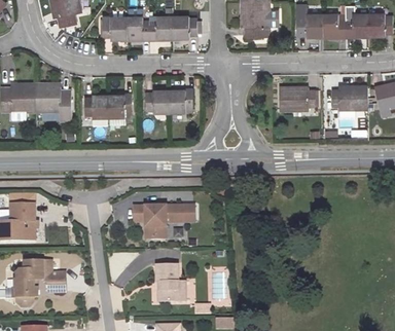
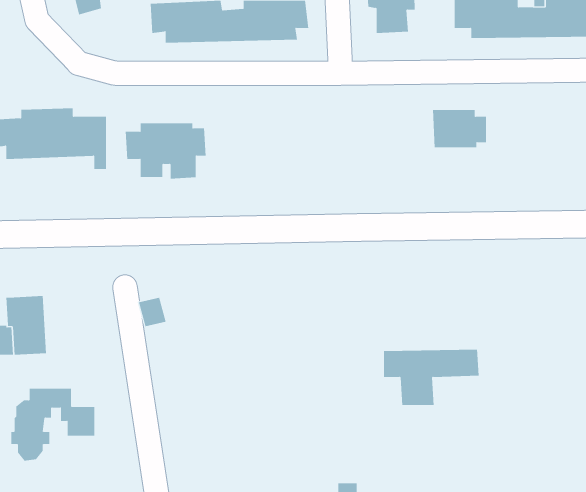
building: [330,81,363,107] -> none
building: [148,88,194,116] -> none
building: [137,200,196,235] -> [383,349,479,406]
building: [159,262,184,299] -> none

